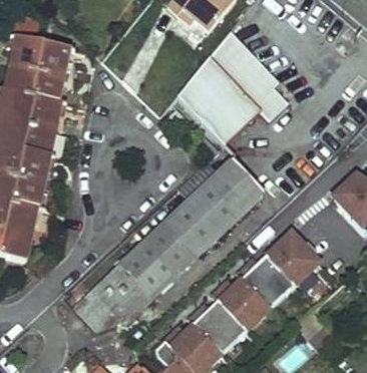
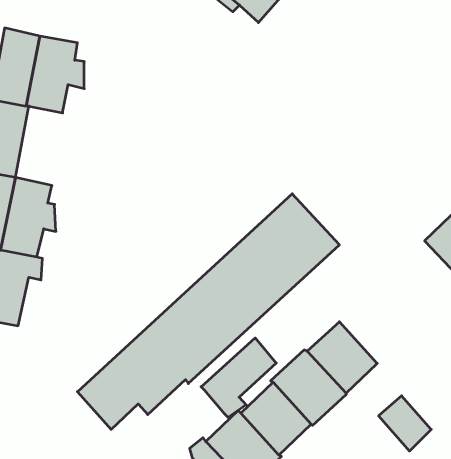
building: [178,29,291,146] -> none
building: [26,92,64,151] -> none
building: [265,226,324,285] -> none
building: none -> [201,338,276,418]

